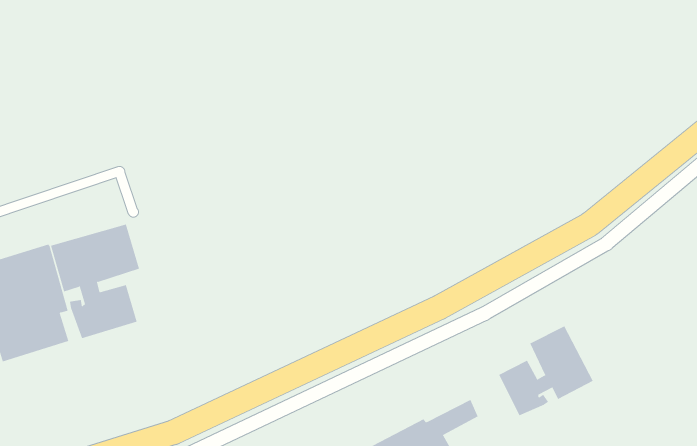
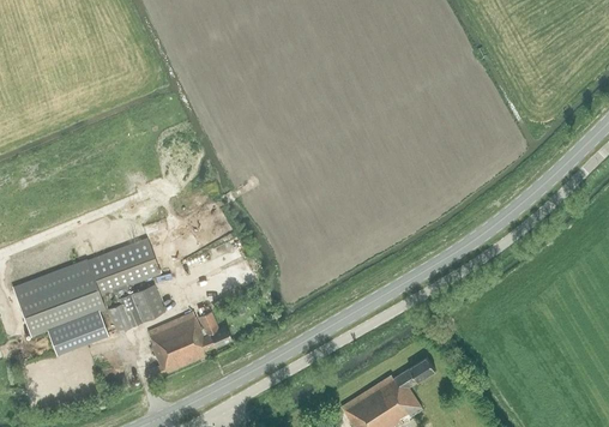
building: none -> [147,312,230,378]
building: [498,325,593,416] -> none

